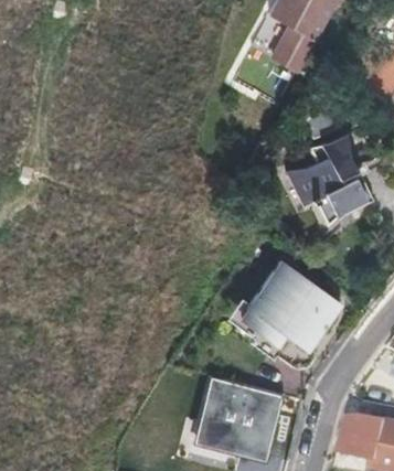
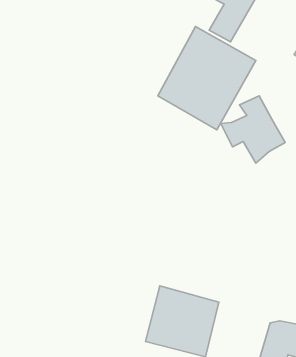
building: none -> [158,27,256,130]
building: [244,259,345,358] -> none

